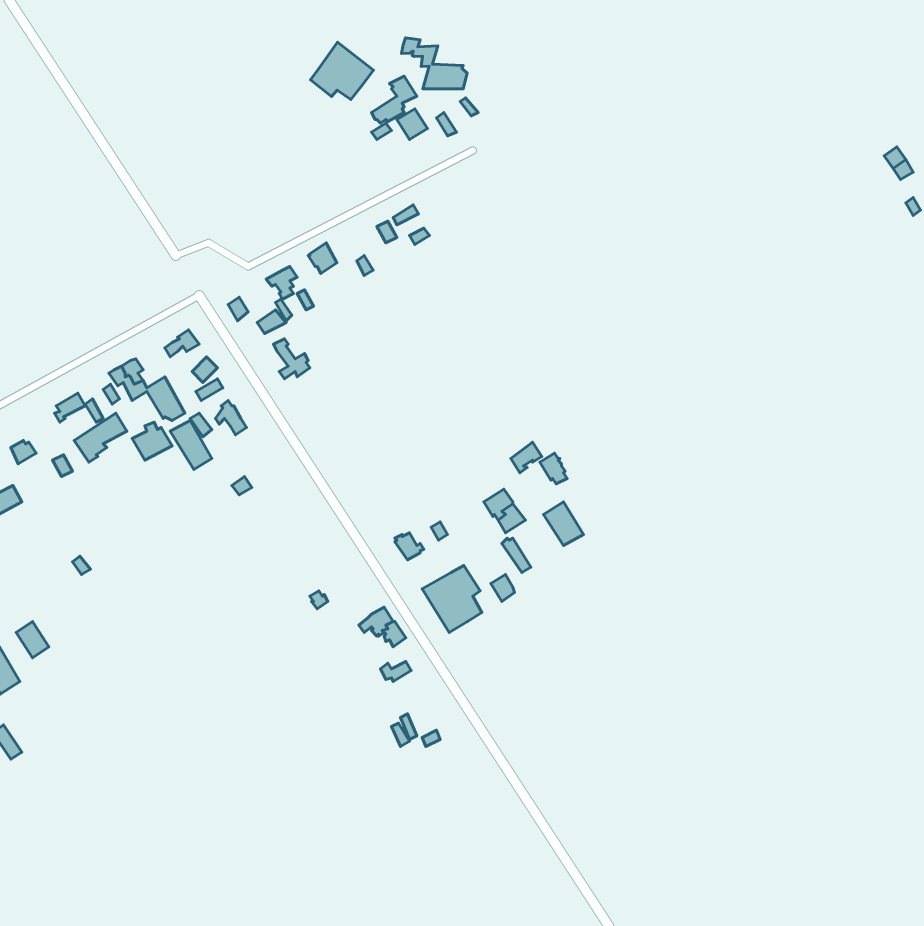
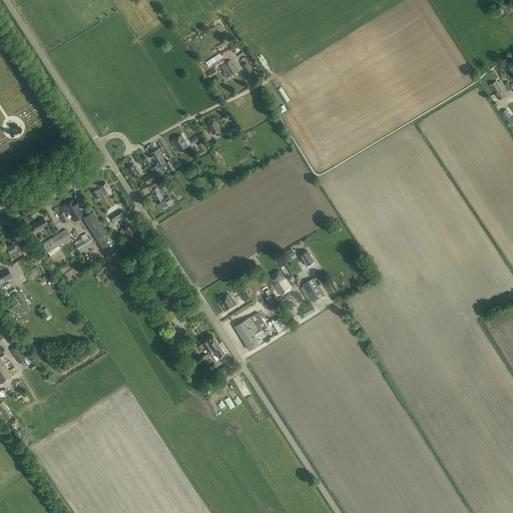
building: [402,38,467,89] -> none
building: [310,42,373,100] -> none

